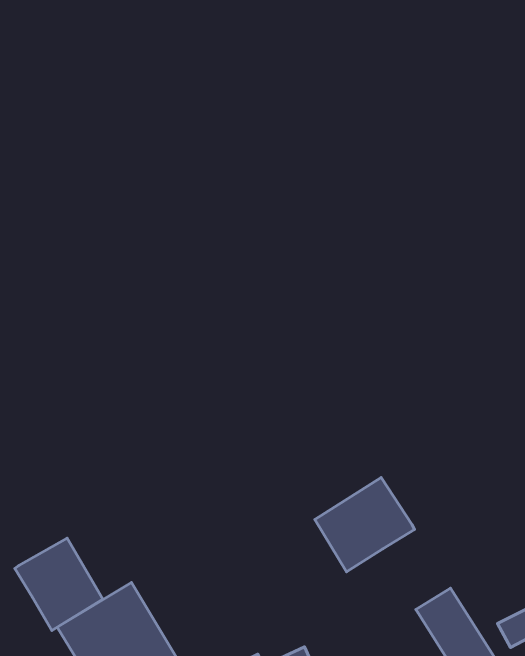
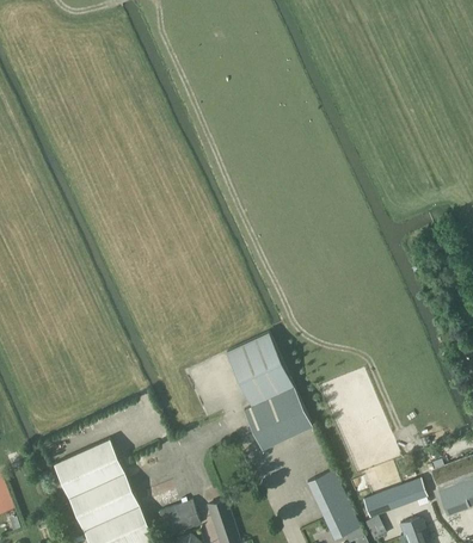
building: none -> [226,332,294,406]
building: [15,538,103,630] -> none

